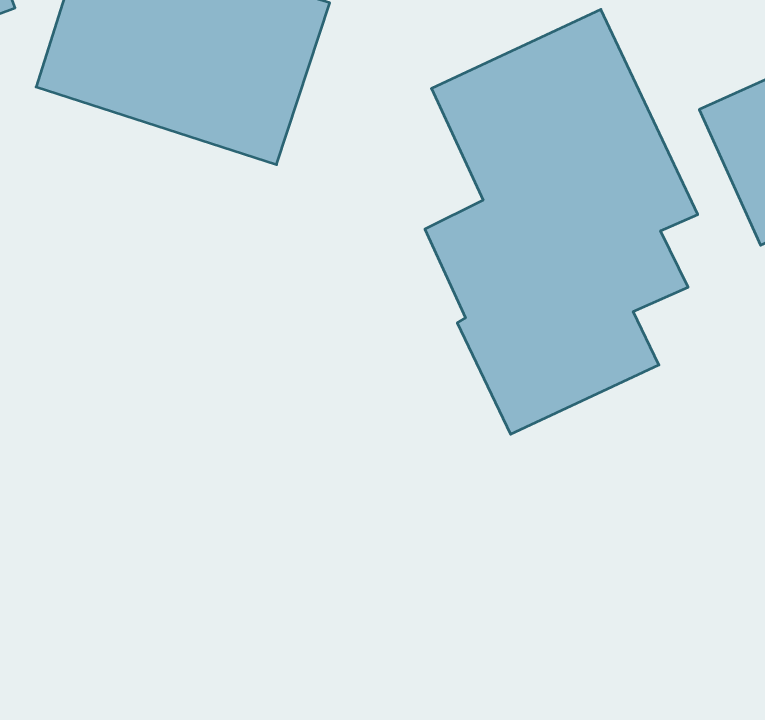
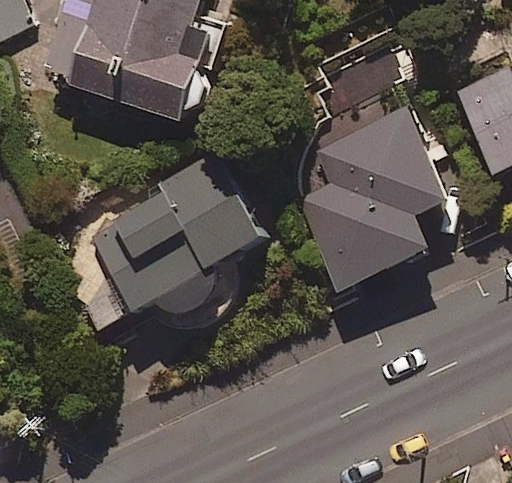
building: none -> [88,154,261,323]

